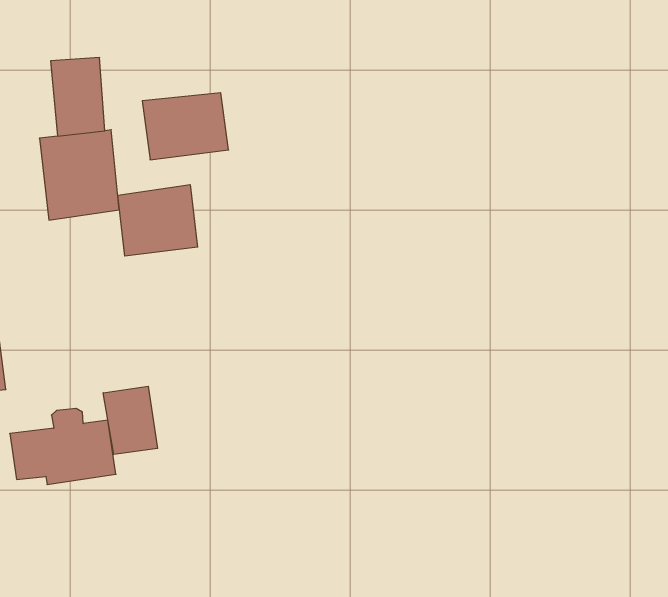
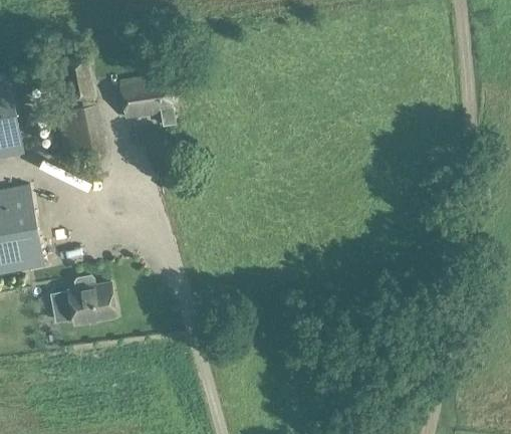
building: [118,185,198,256] -> none
building: [103,386,158,454] -> none

